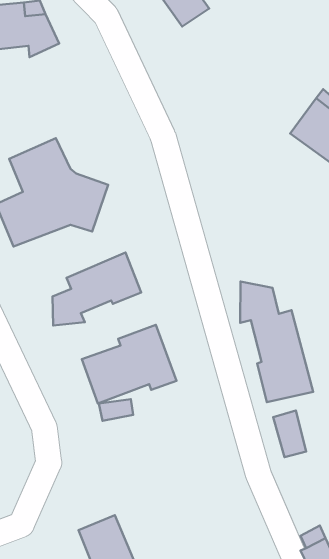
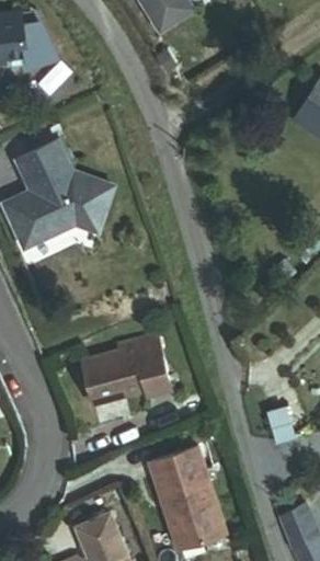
building: [53,252,141,325] -> none
building: [240,282,313,402] -> none
building: none -> [150,442,226,543]

